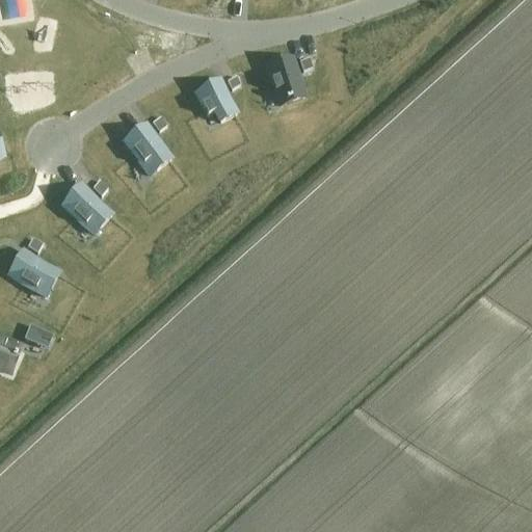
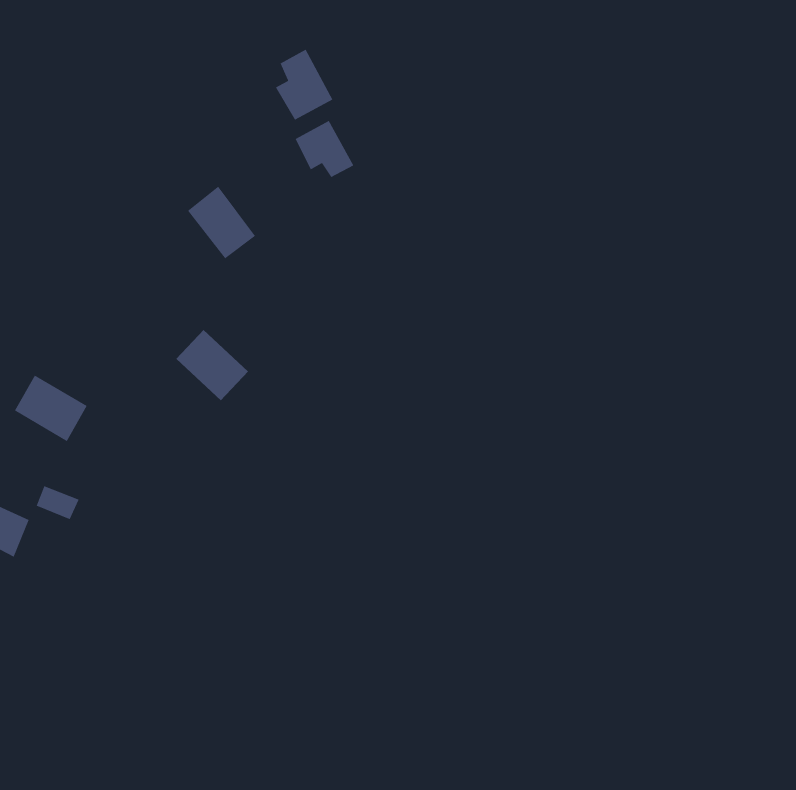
building: none -> [275,49,333,121]
building: [266,56,304,103] -> none
building: [62,184,111,232] -> [176,329,249,401]

